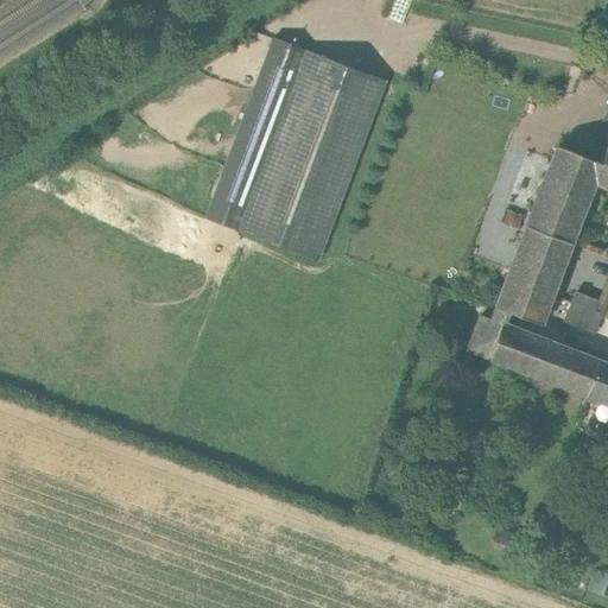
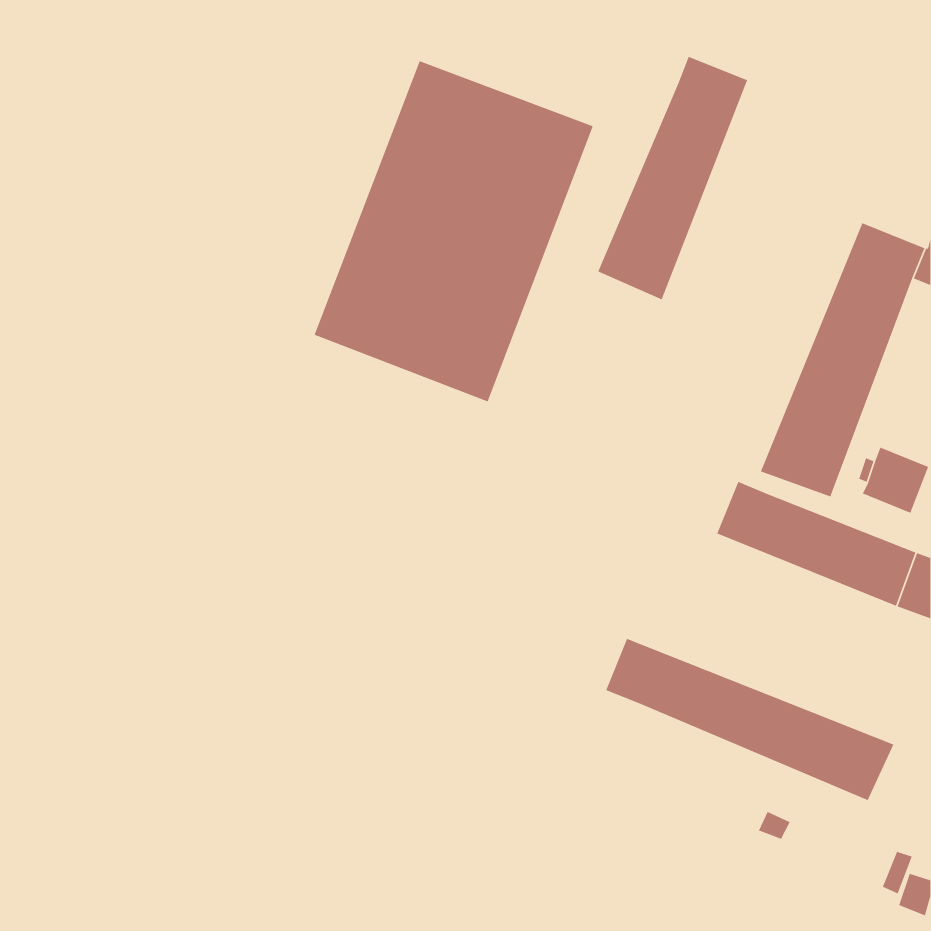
building: none -> [597,56,748,300]
building: none -> [605,638,894,801]

